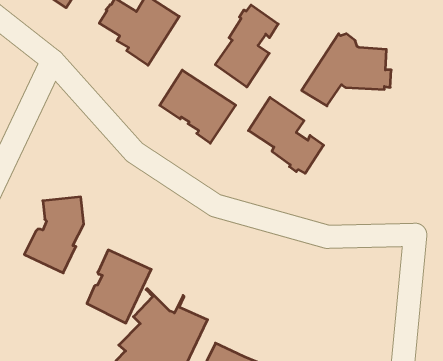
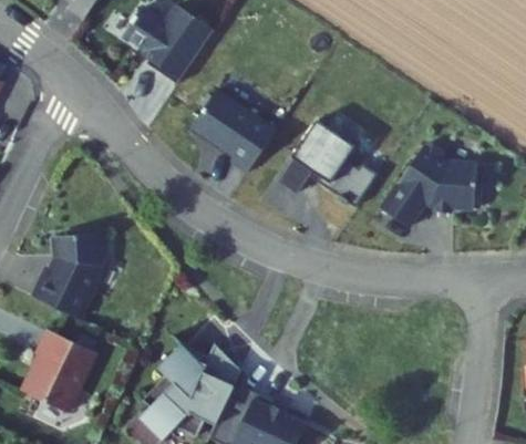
building: [215,5,278,87] -> none
building: [302,34,391,106] -> [379,143,481,225]
building: [87,250,151,323] -> [27,330,100,413]

